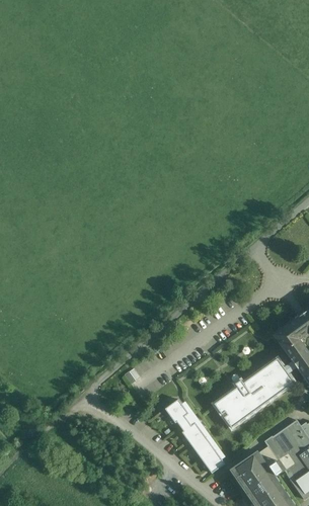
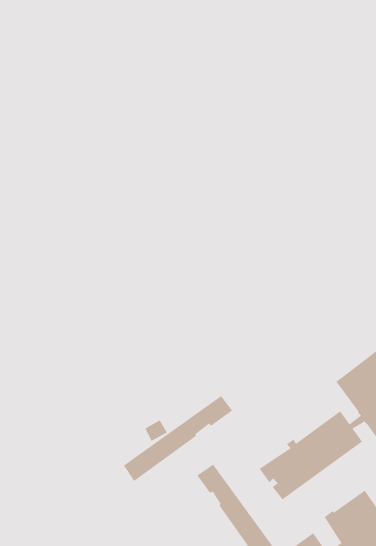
building: none -> [123,395,233,482]

